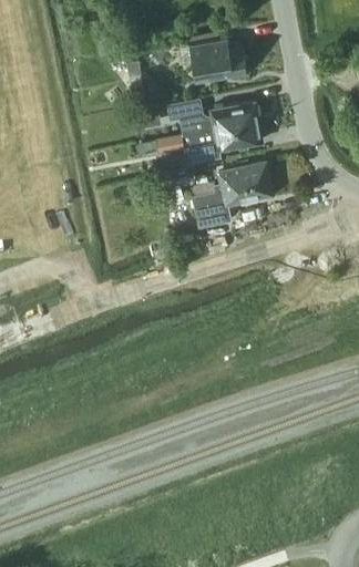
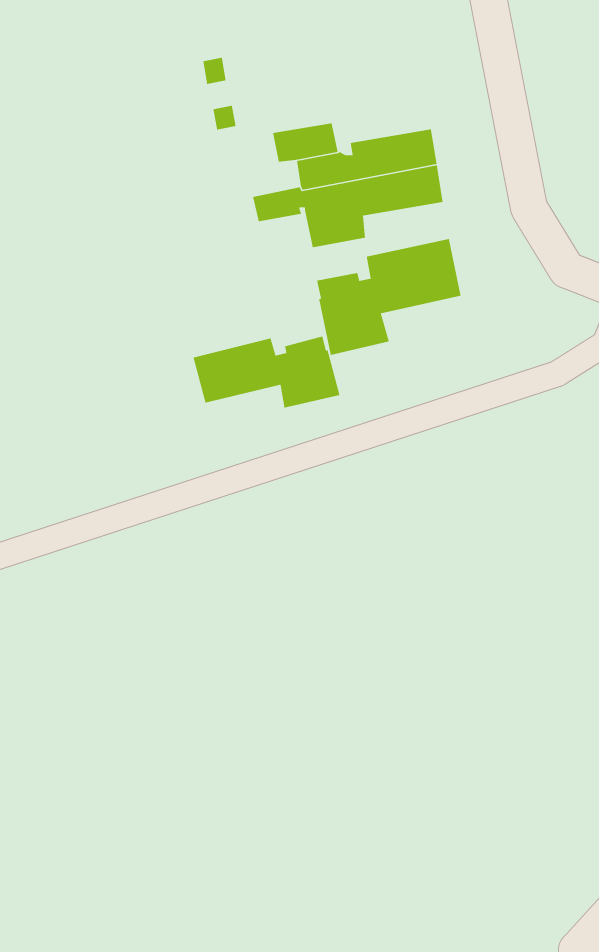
building: [189,39,247,81] -> none
building: none -> [192,335,341,409]

